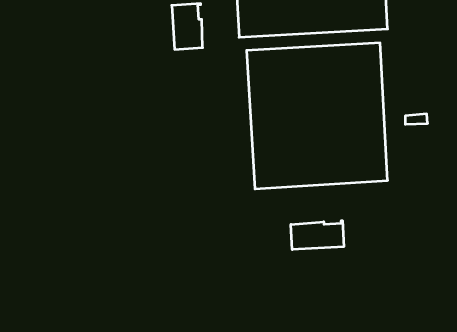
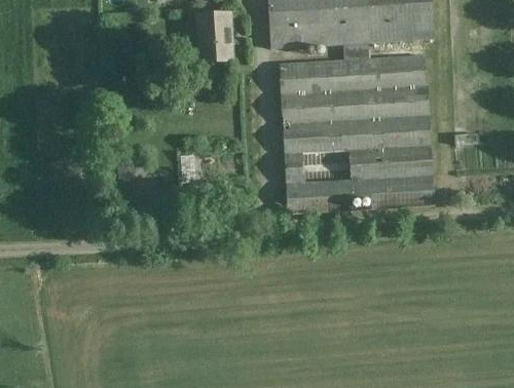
building: [291,221,344,250] -> none

